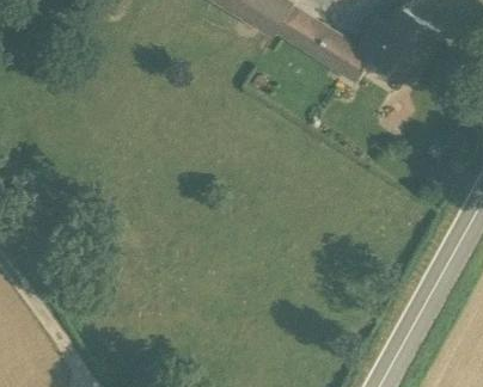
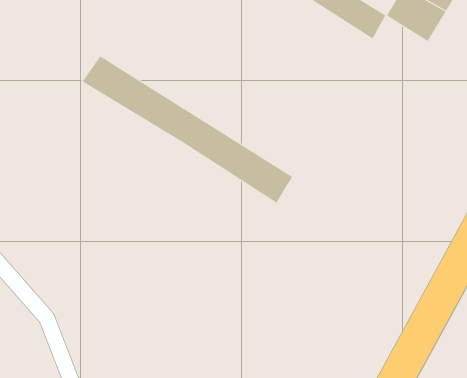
building: none -> [82,55,293,203]

